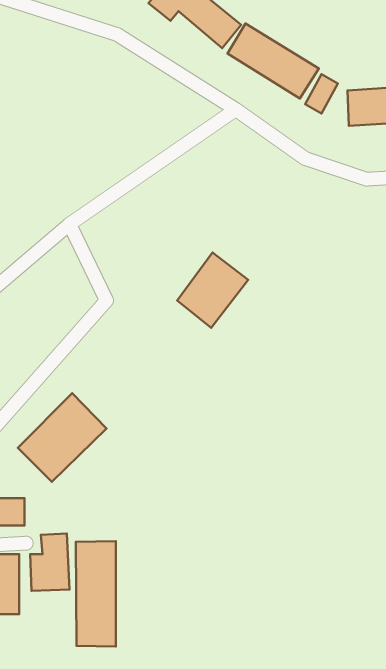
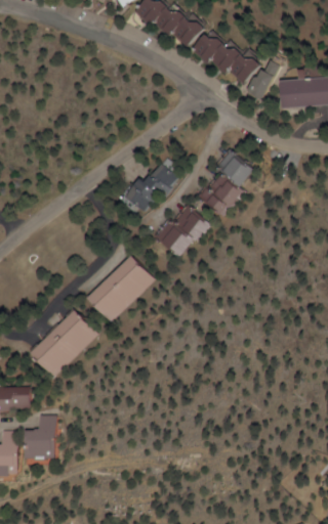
building: none -> [197,147,256,217]
building: none -> [116,163,170,217]
building: none -> [83,256,150,322]
building: [76,541,116,647] -> none

